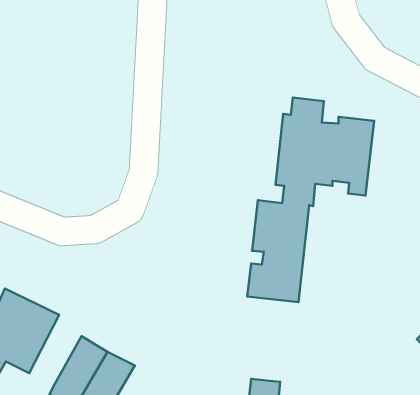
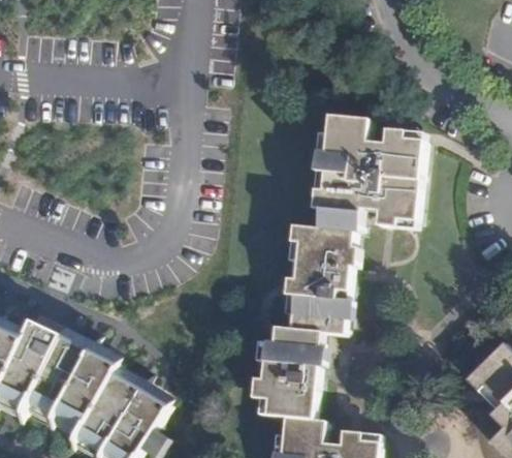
building: none -> [258,339,318,417]
building: none -> [55,346,115,423]

